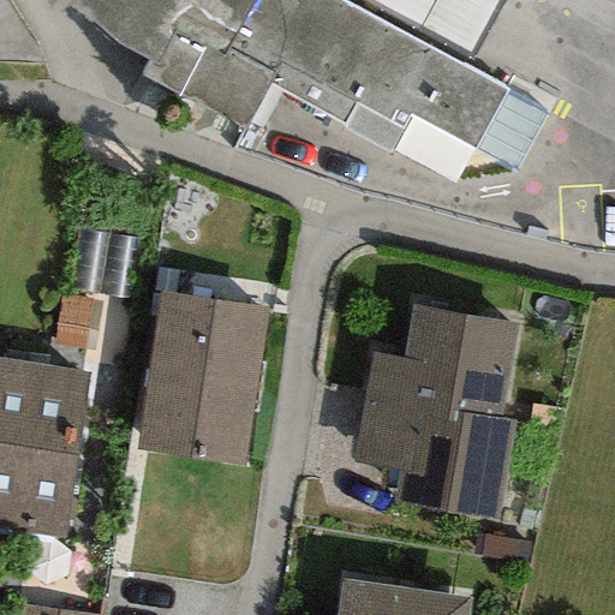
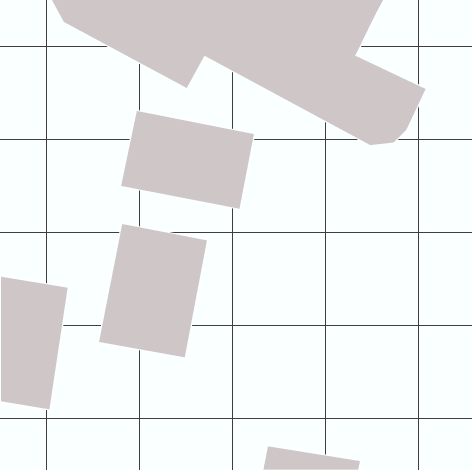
building: none -> [121,110,254,210]
building: [348,306,507,513] -> none

